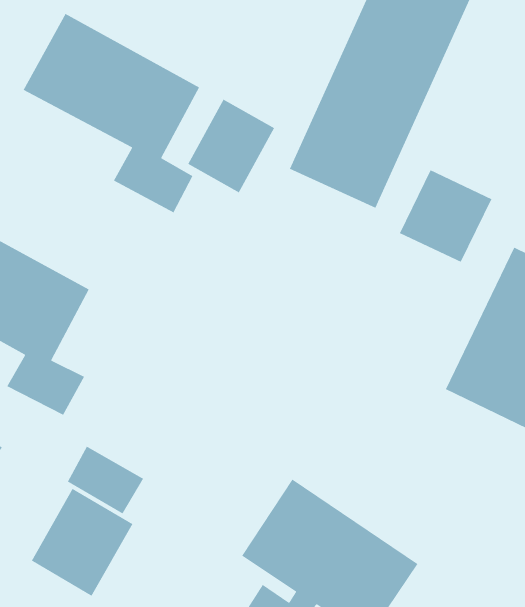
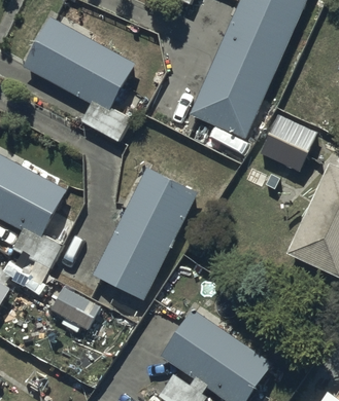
building: [187,99,275,194] -> none
building: none -> [93,167,196,297]
building: [31,488,133,597] -> none

